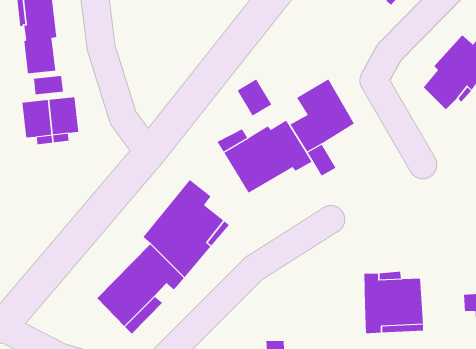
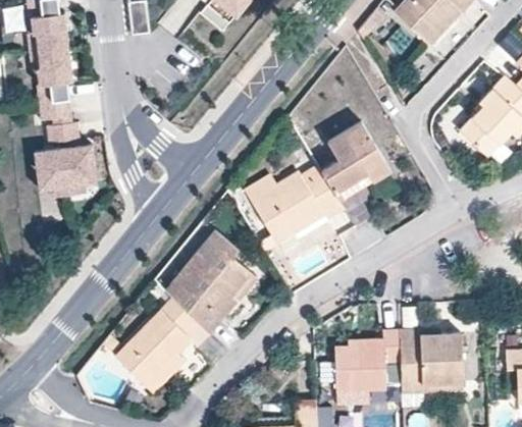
building: [237,79,272,117] -> none
building: none -> [336,328,400,390]

